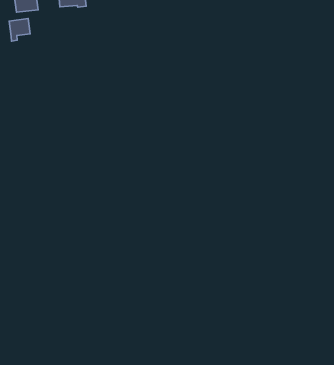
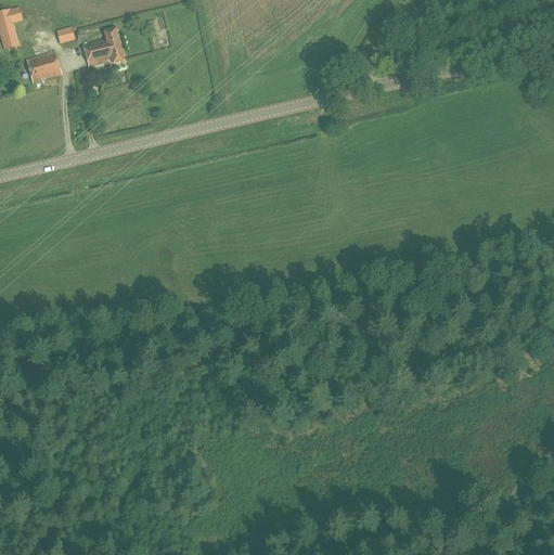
building: [9,19,30,41] -> none

